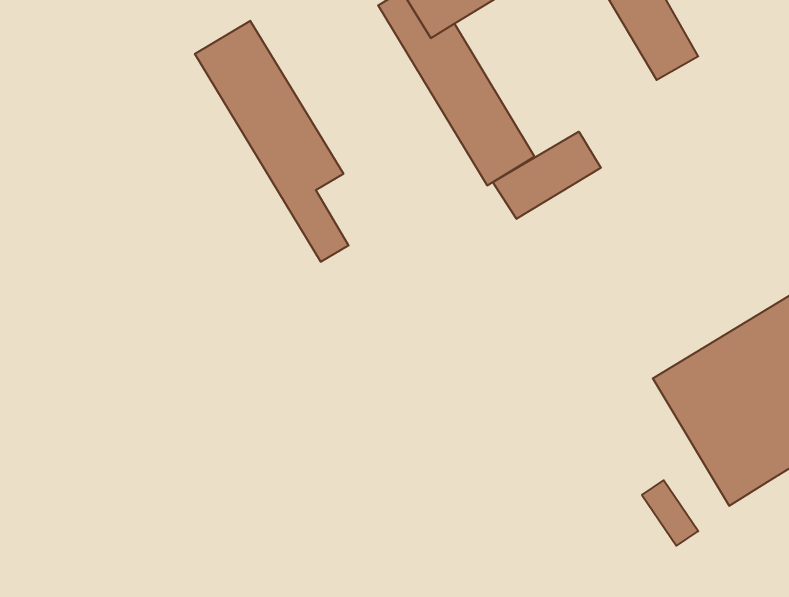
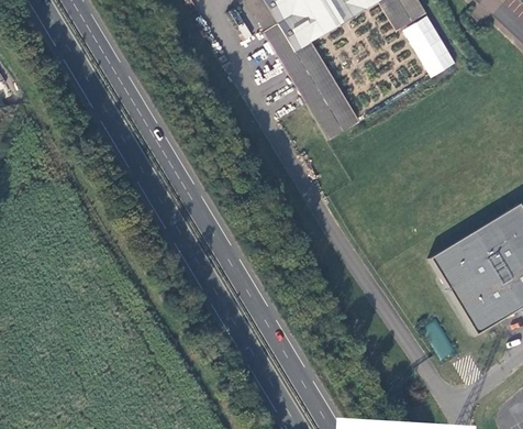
building: [195,21,349,262] -> none
building: [493,132,601,219] -> none

